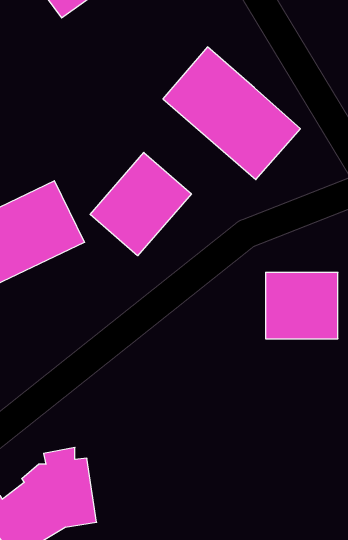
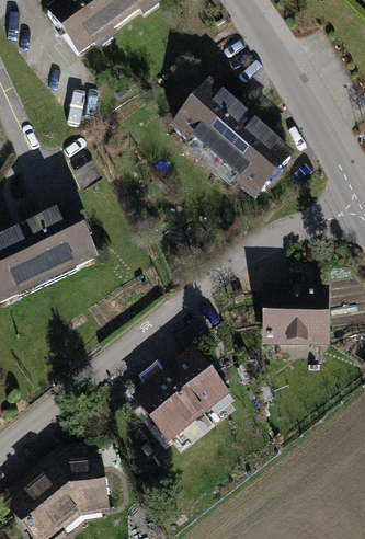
building: [90,152,191,256] -> none
building: none -> [132,344,230,439]

